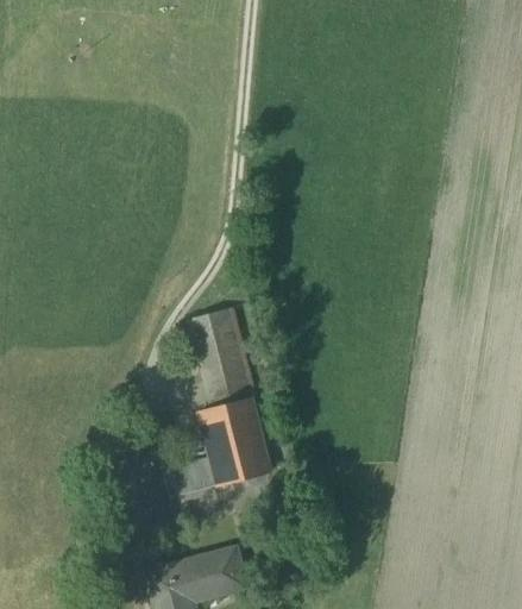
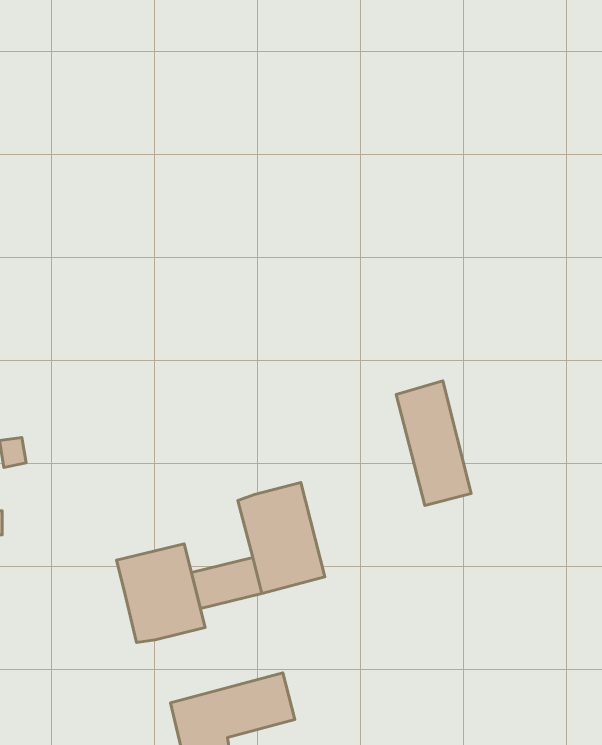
building: [193,308,252,407] -> [396,381,471,505]
building: none -> [116,544,205,643]

